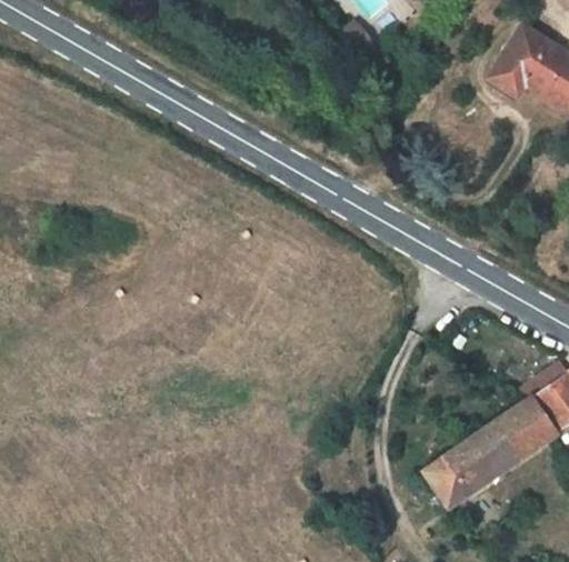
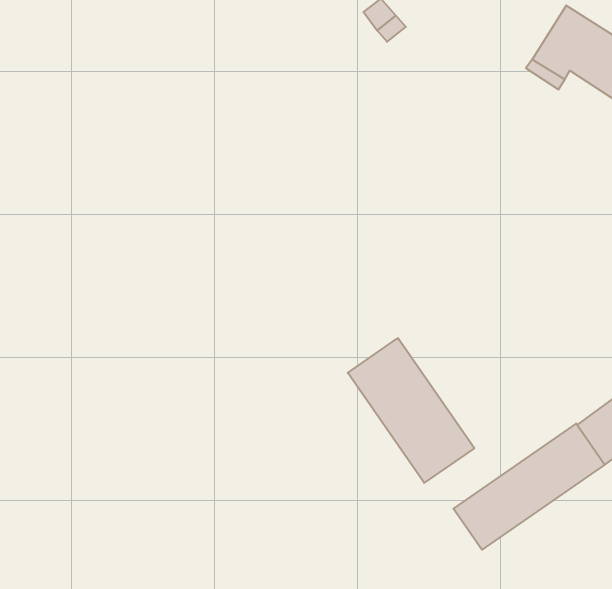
building: none -> [348,338,474,483]

